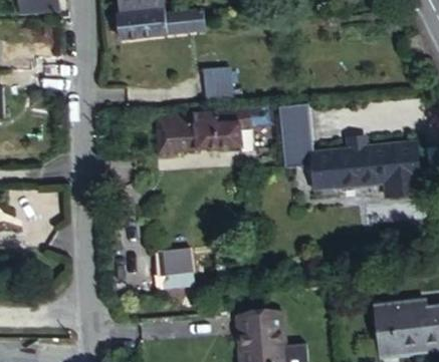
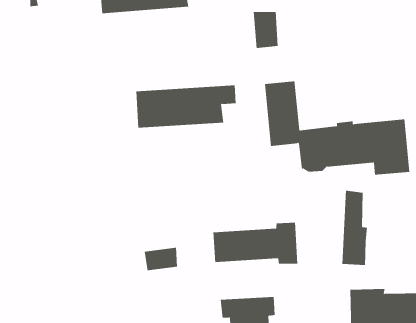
building: [209,66,234,102] -> [253,11,278,48]
building: none -> [342,190,368,266]
building: none -> [213,222,298,264]

